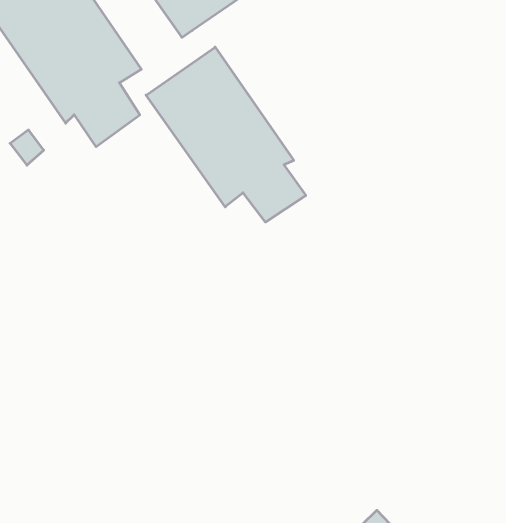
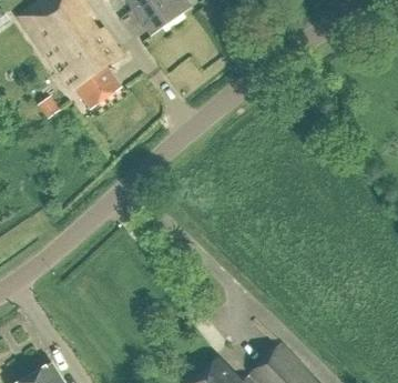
building: [146,47,306,222] -> none

